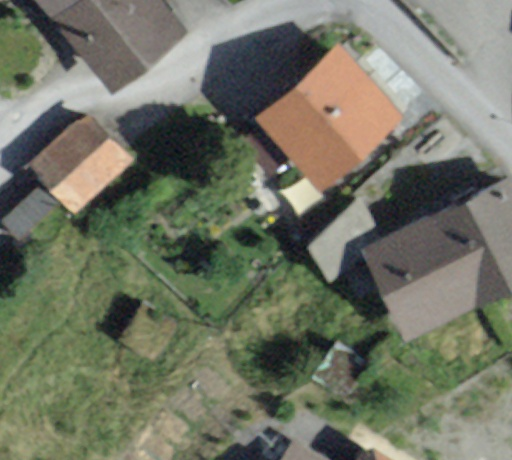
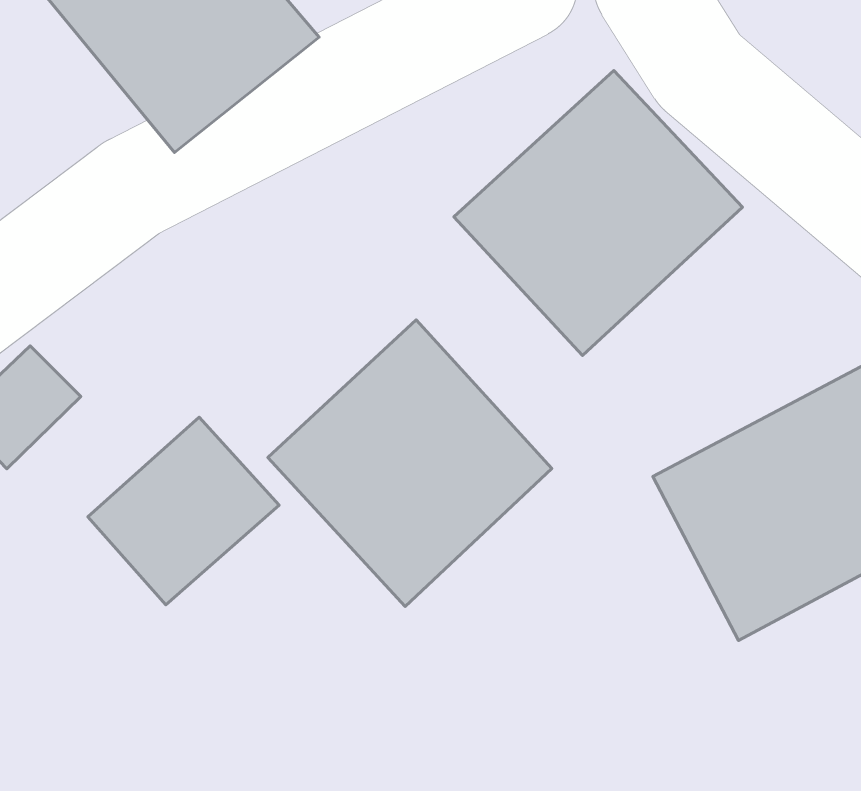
building: [33,116,131,212] -> [88,417,279,605]
building: none -> [268,320,552,607]

